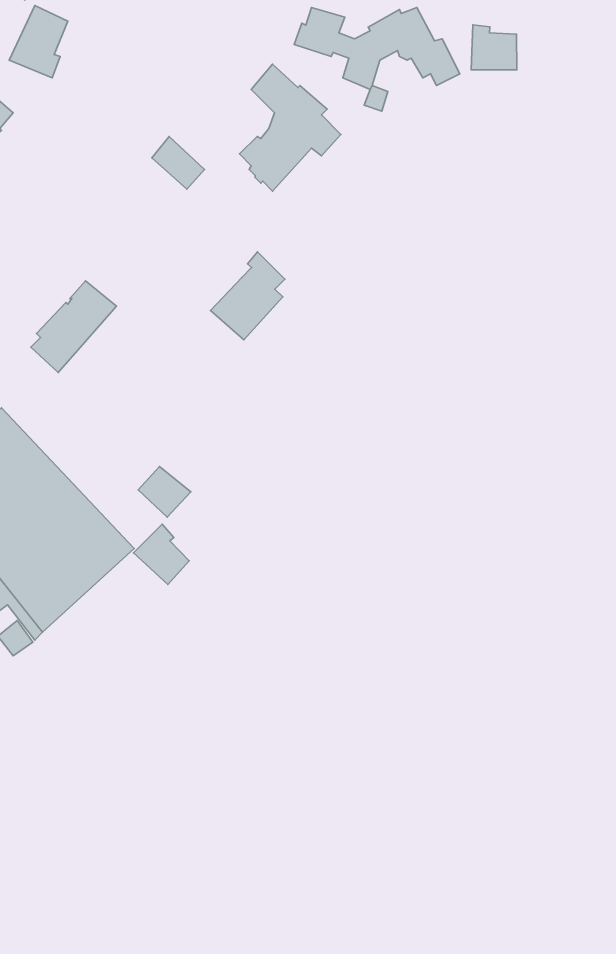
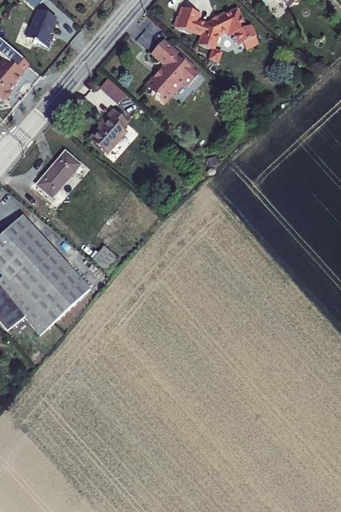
building: [471,25,517,70] -> none
building: [211,252,285,340] -> [89,107,127,152]
building: [134,524,189,584] -> none

